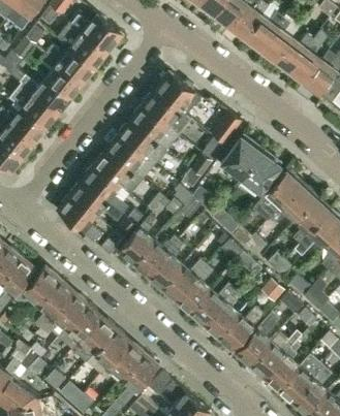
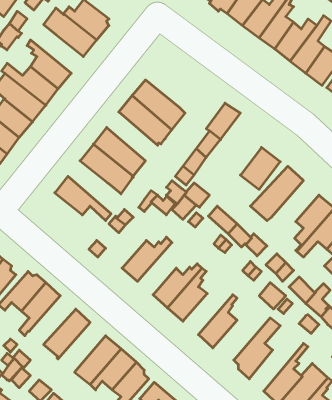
building: [47,45,96,84] -> none
building: [154,73,199,116] -> none
building: [118,120,165,165] -> none
building: [222,136,262,179] -> none
building: [82,165,123,215] -> none
building: [272,184,316,224] -> none
building: [59,195,100,241] -> none
building: [120,215,155,265] -> none
building: [147,242,183,290] -> none
building: [189,285,236,327] -> none
building: [45,291,89,337] -> none
building: [217,306,265,349] -> none
building: [72,316,117,362] -> none
building: [251,331,302,380] -> none

